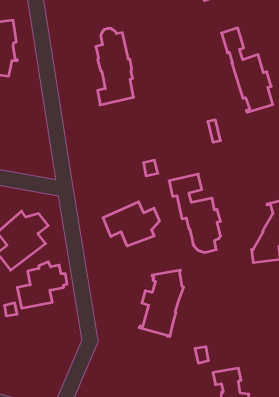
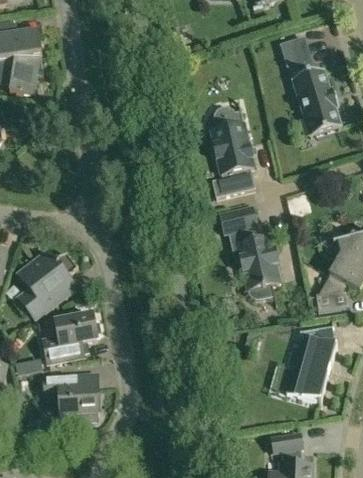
building: [96,28,134,105] -> [210,107,254,196]
building: [103,202,159,246] -> none
building: [139,270,184,336] -> [285,324,337,401]
building: none -> [42,373,99,419]

